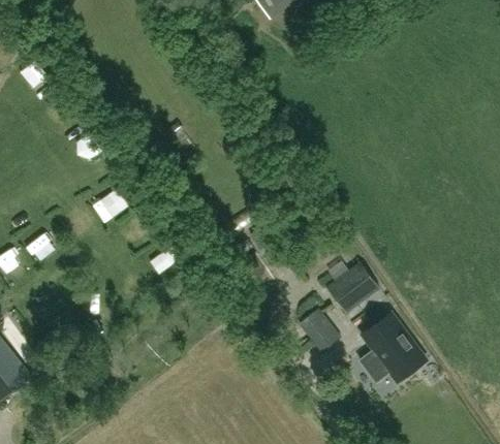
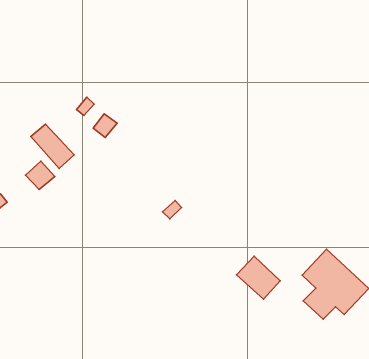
building: none -> [31,124,74,168]
building: [325,262,379,313] -> none

